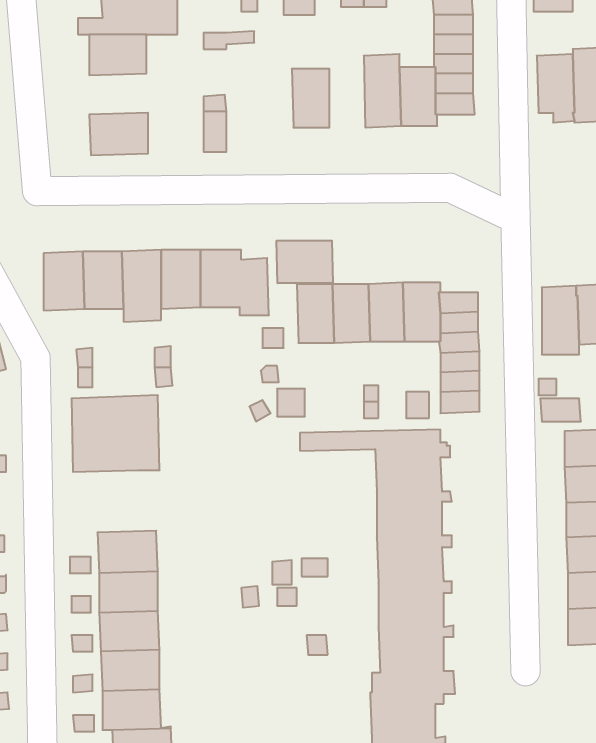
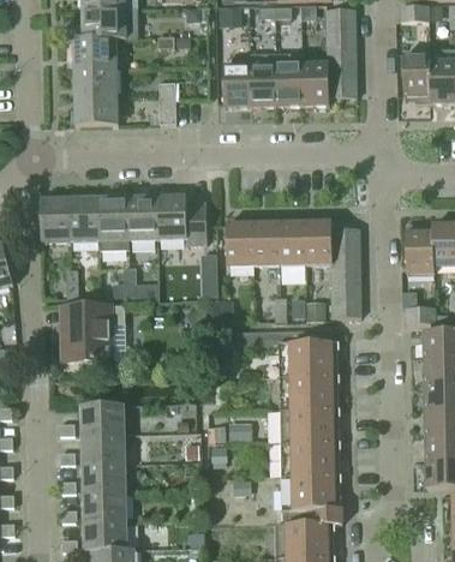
building: none -> [250,54,276,107]
building: none -> [73,67,116,97]
building: [277,241,333,283] -> none

